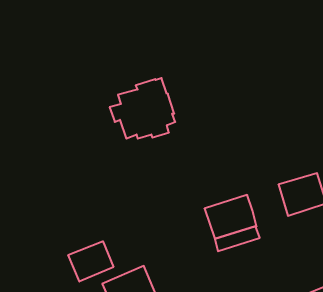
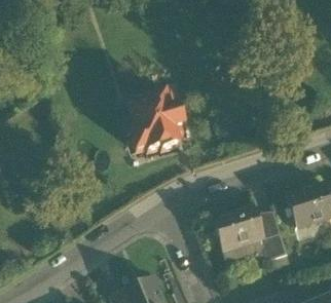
building: none -> [259,217,287,260]
building: [68,241,113,282] -> none

